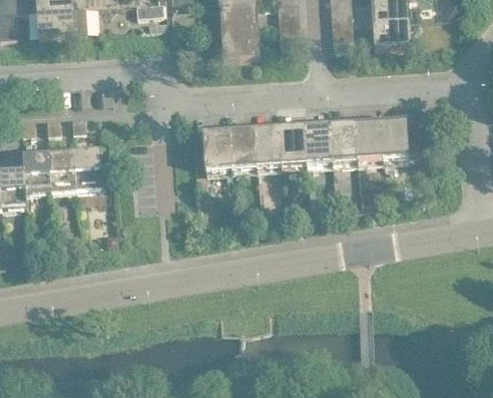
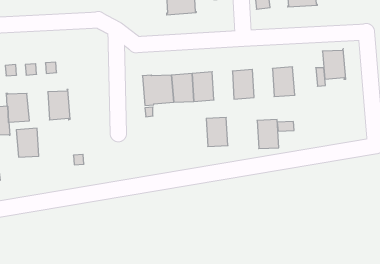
building: [380,118,409,156] -> [322,49,346,79]
building: [330,123,357,159] -> [257,120,279,149]
building: [280,126,307,162] -> [206,118,228,146]
building: [48,152,76,188] -> [16,128,39,157]

